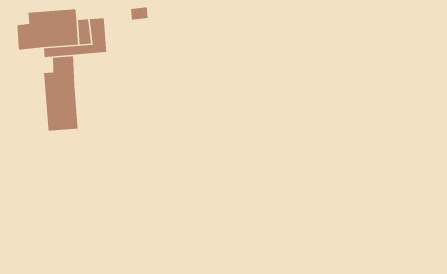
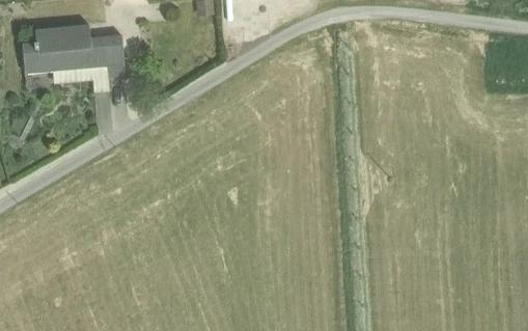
building: [43,55,79,131] -> none

